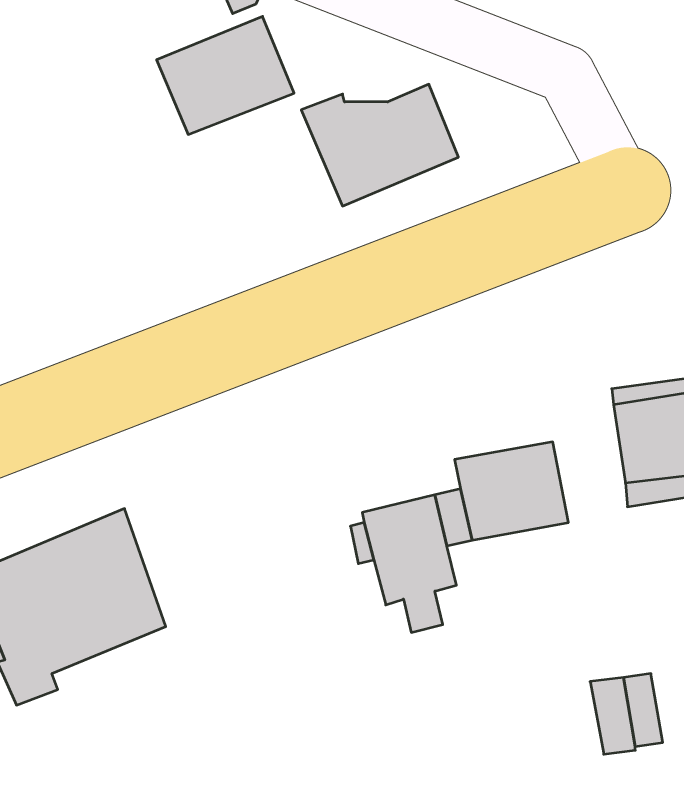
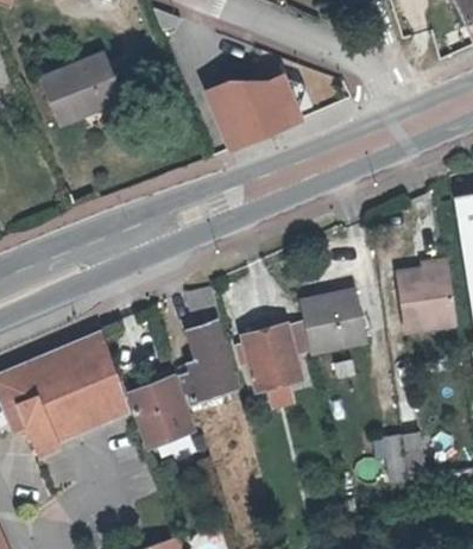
building: [157,16,294,134] -> [40,50,124,121]
building: none -> [181,324,235,402]
building: none -> [131,379,191,447]

